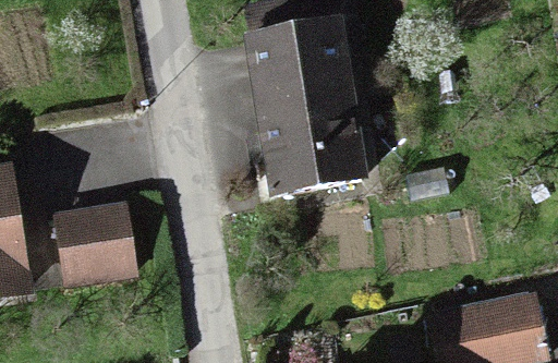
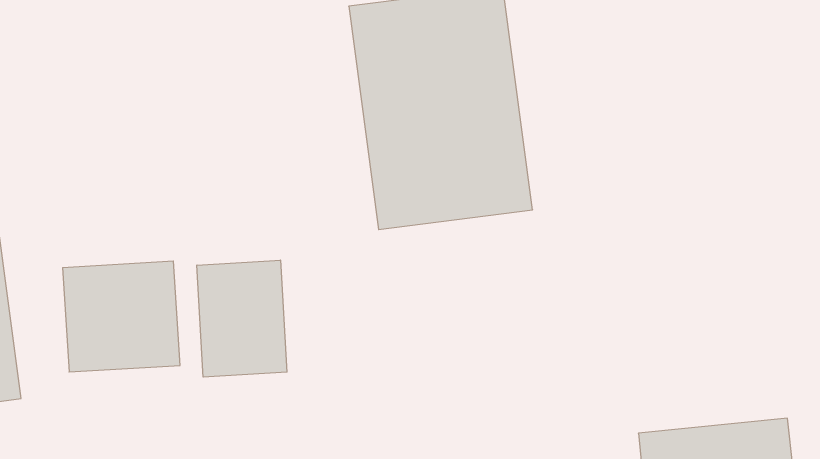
building: none -> [197,260,287,377]

